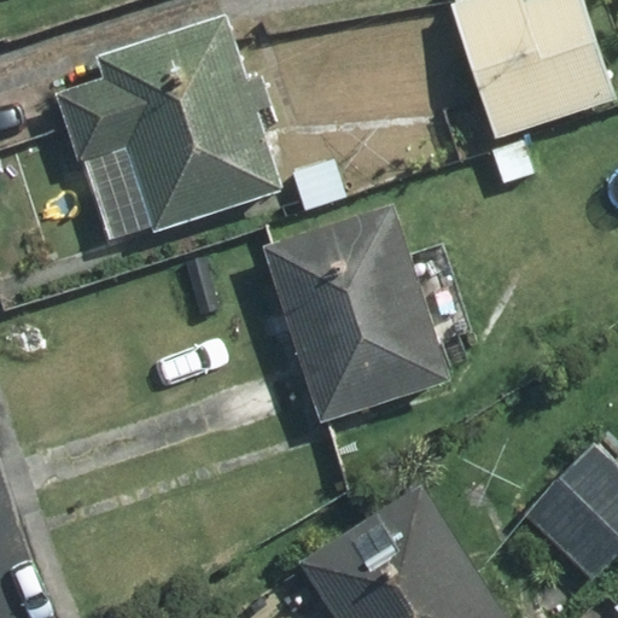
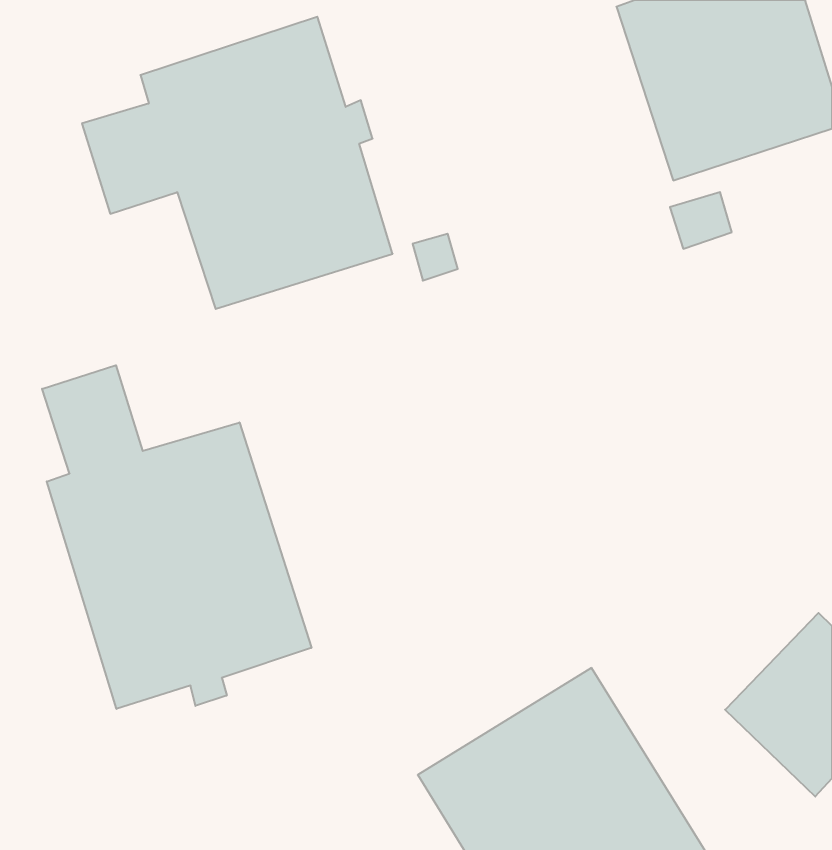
building: [262,208,448,419] -> none
building: none -> [42,365,311,709]

